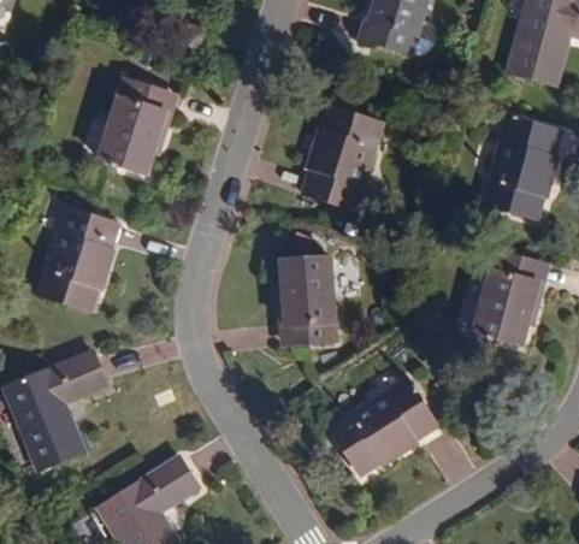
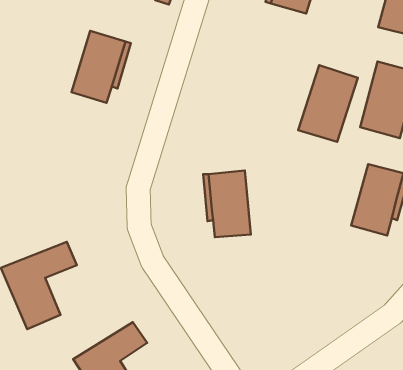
building: [305,107,384,209] -> [298,65,358,142]
building: [36,206,117,309] -> none
building: [329,378,435,473] -> none

